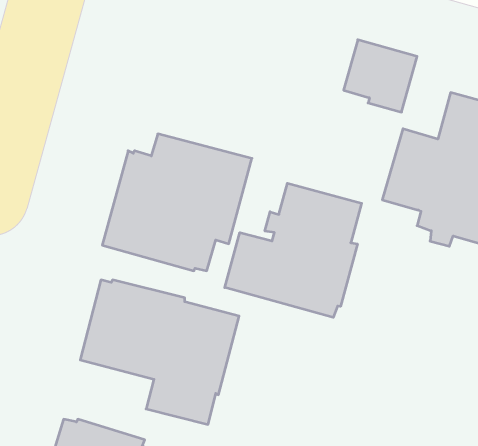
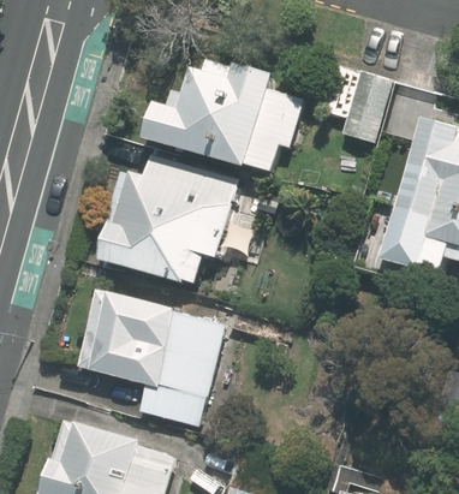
building: none -> [143,58,302,172]
building: [225,183,362,317] -> none

